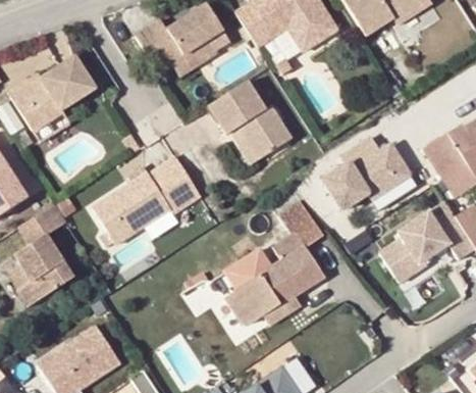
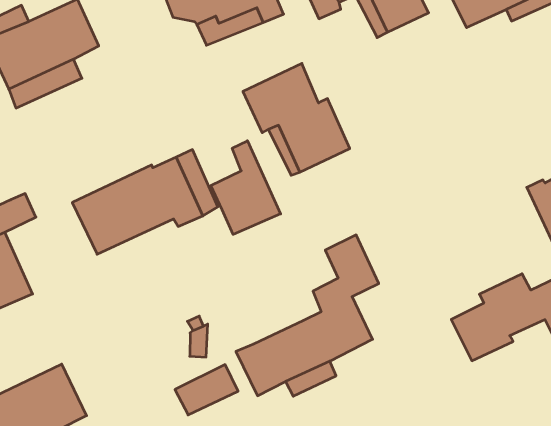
building: none -> [211,141,281,234]
building: [315,143,403,215] -> none
building: [225,250,272,291] -> [175,365,238,415]

